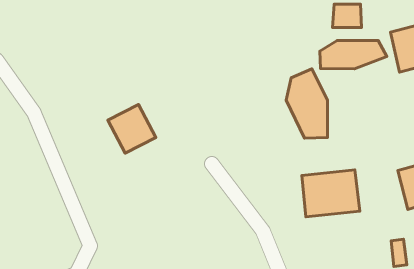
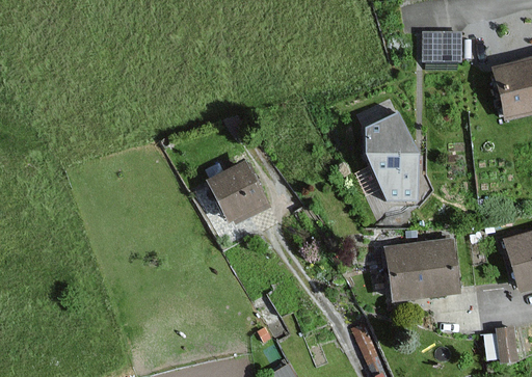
building: [320,40,387,69] -> none
building: [108,104,156,153] -> [209,162,269,223]

